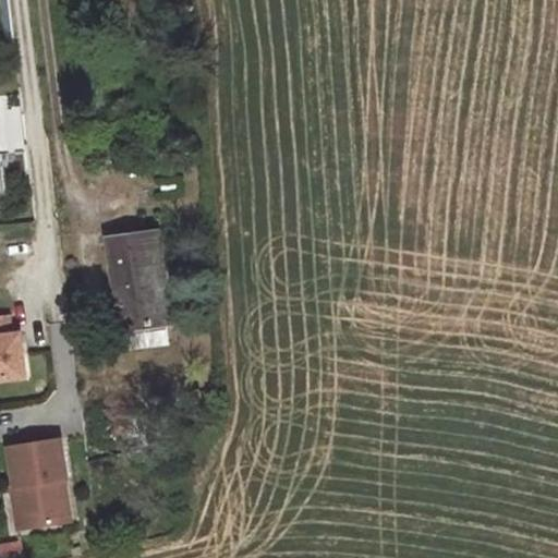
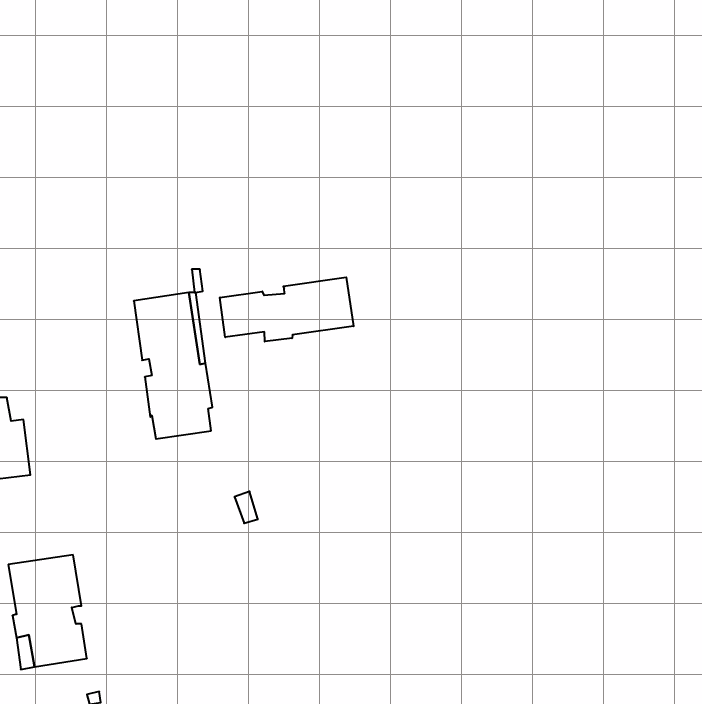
building: none -> [220,277,354,342]

